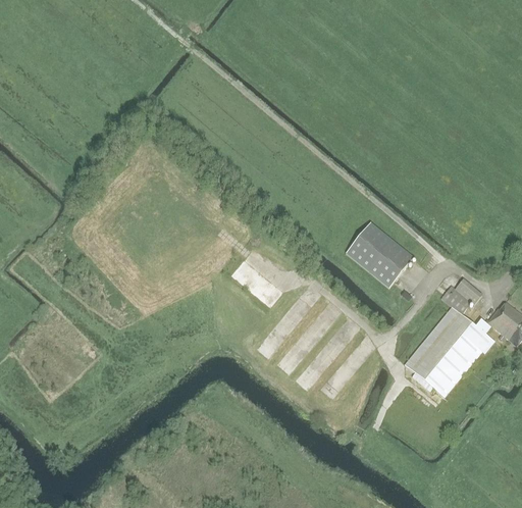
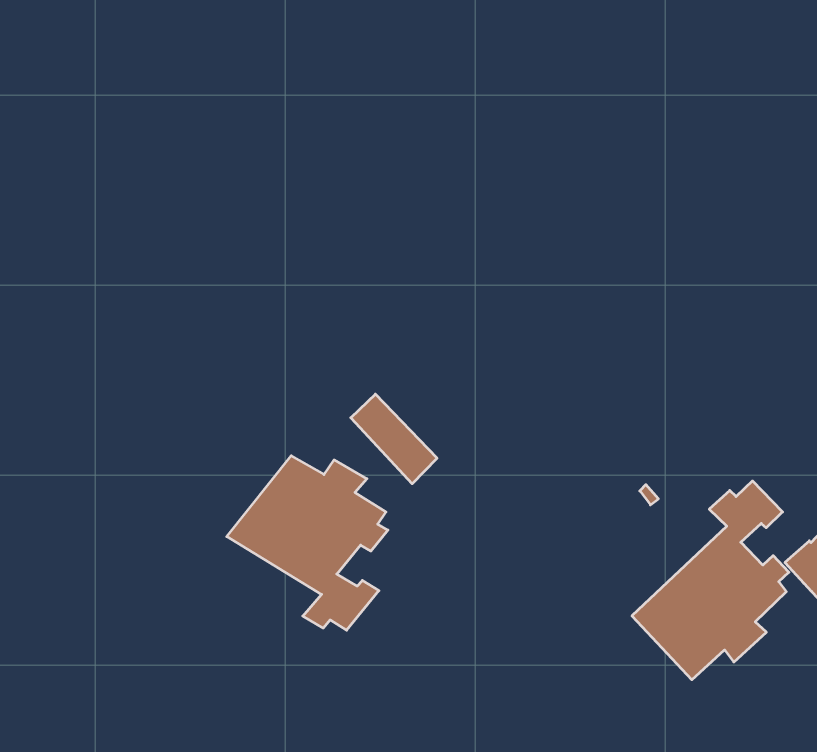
building: [347,221,414,287] -> none
building: none -> [227,456,388,630]

